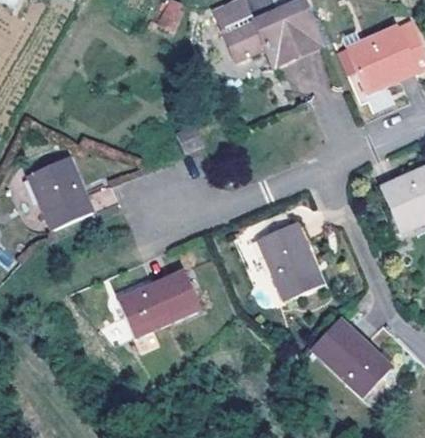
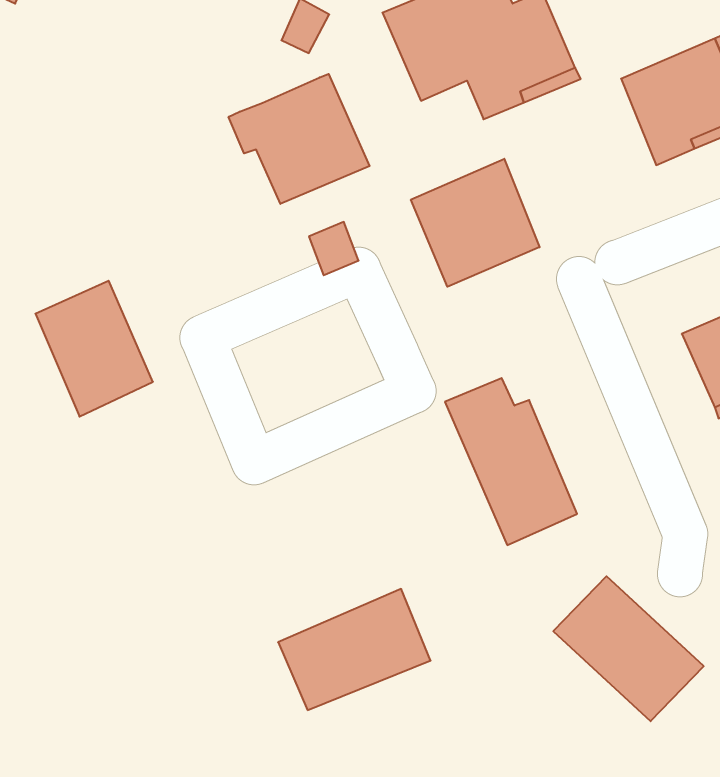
building: none -> [229,74,370,204]
building: none -> [411,159,540,287]
building: [117,269,200,335] -> [278,589,431,710]

